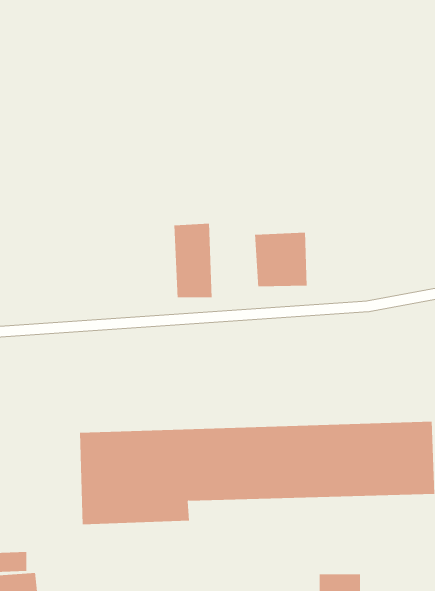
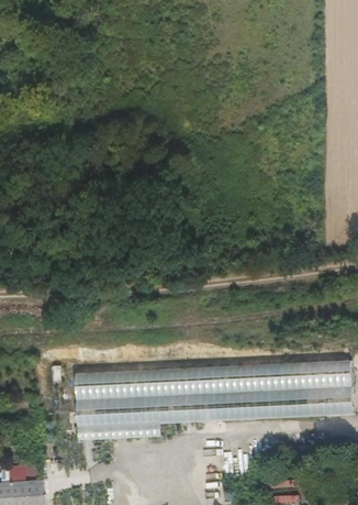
building: [174,223,212,298] -> none
building: [255,232,307,287] -> none

